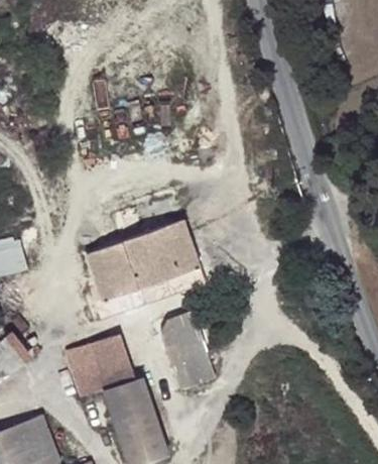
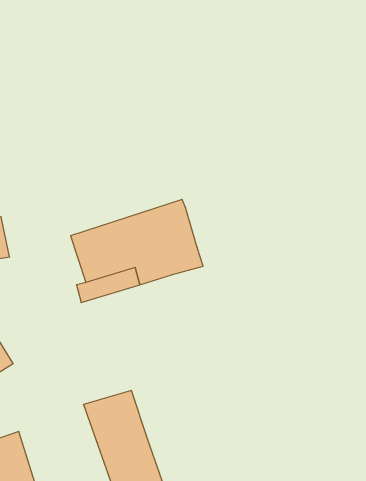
building: [160,305,205,381] -> none
building: [65,323,154,399] -> none

